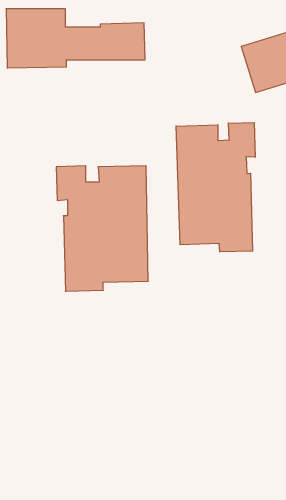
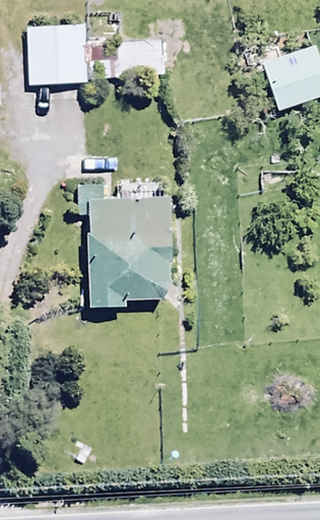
building: [176,123,255,252] -> none

